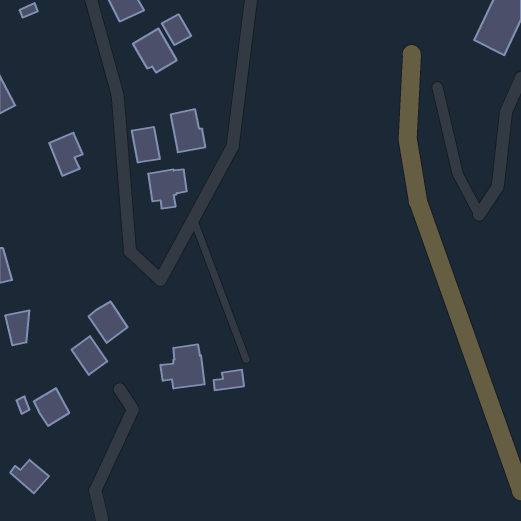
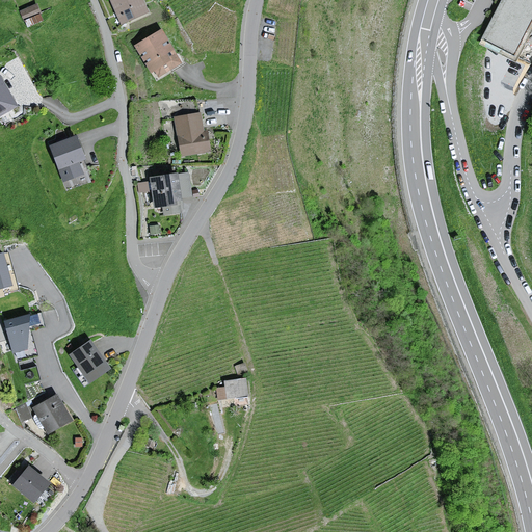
building: [162,14,191,45] -> none
building: [132,127,160,163] -> none
building: [89,301,127,343] -> none
building: [161,344,205,389] -> none

